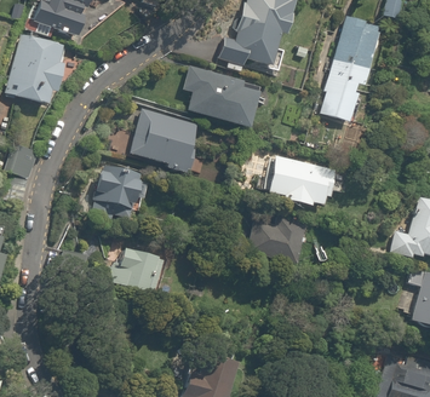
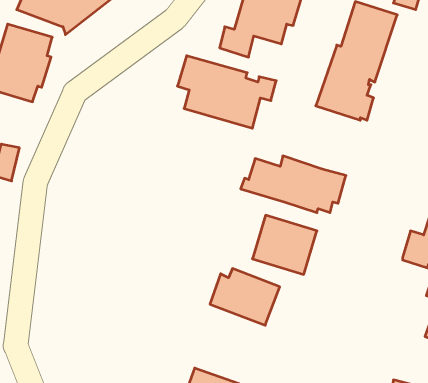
building: [127,104,199,171] -> none
building: [92,162,149,209] -> none
building: [102,246,166,298] -> [210,269,280,325]

